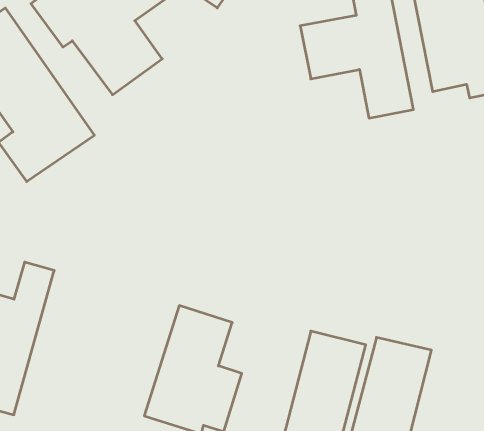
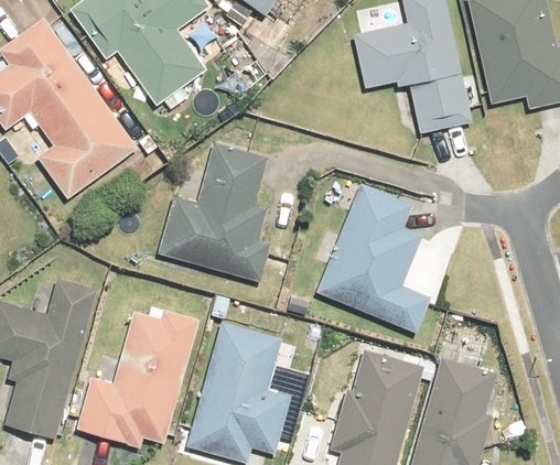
building: none -> [161,144,269,279]
building: none -> [316,180,429,329]
building: none -> [77,306,198,446]

